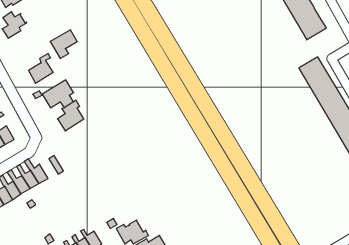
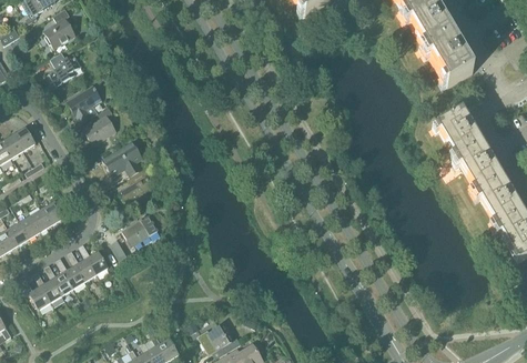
building: [50,30,77,59] -> [68,83,103,121]
building: none -> [124,212,160,243]

